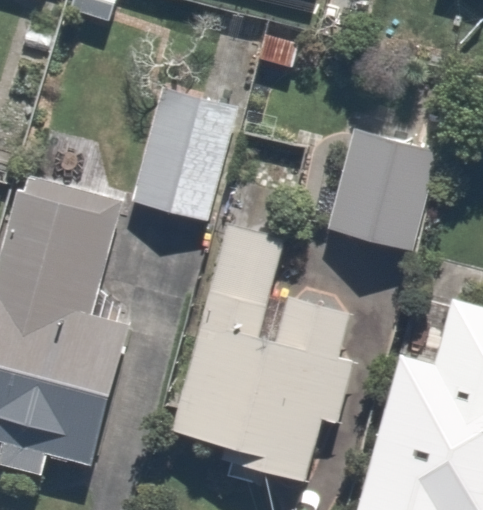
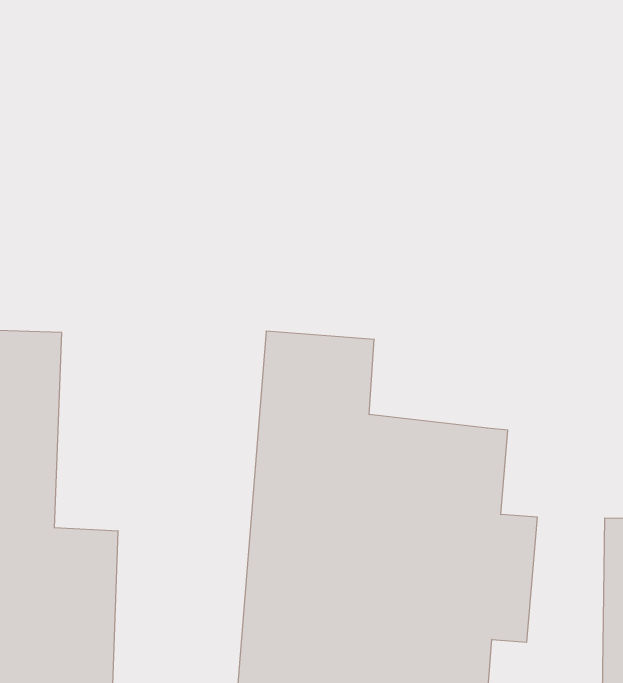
building: [127,85,237,224] -> none
building: [336,124,435,251] -> none

